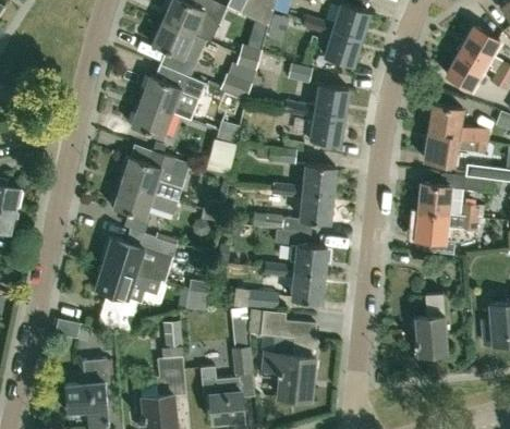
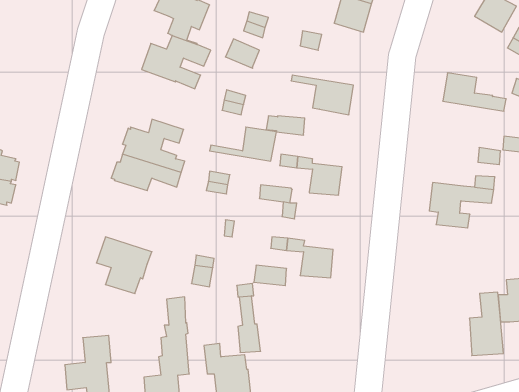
building: [446,50,486,89] -> none
building: [284,84,349,117] -> [210,127,276,161]
building: [131,101,172,137] -> none
building: [425,132,488,164] -> none
building: [304,163,336,195] -> none
building: [420,183,452,213] -> none
building: [105,228,178,282] -> none
building: [291,243,331,274] -> none
building: [415,293,448,354] -> [469,292,503,356]
building: [248,309,316,399] -> none

